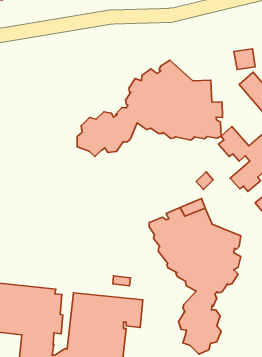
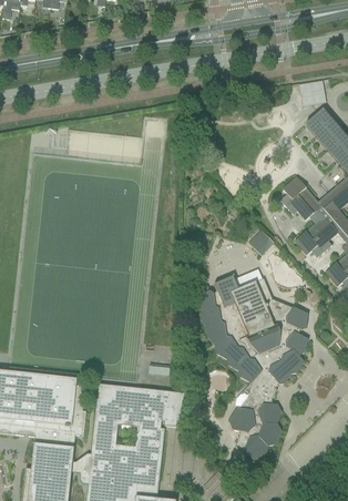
building: [77,60,222,156] -> none

